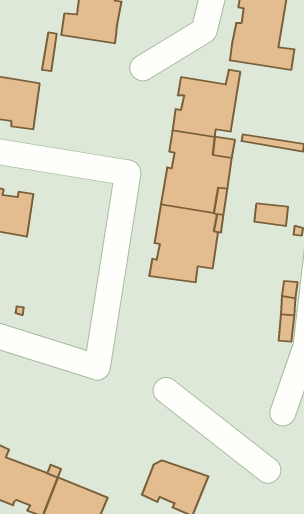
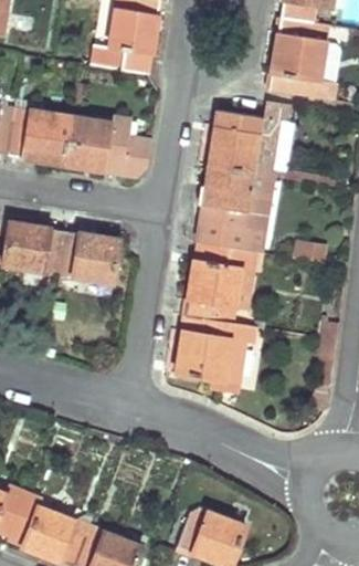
building: none -> [63,116,150,176]
building: none -> [56,231,118,284]
building: none -> [175,316,247,384]

